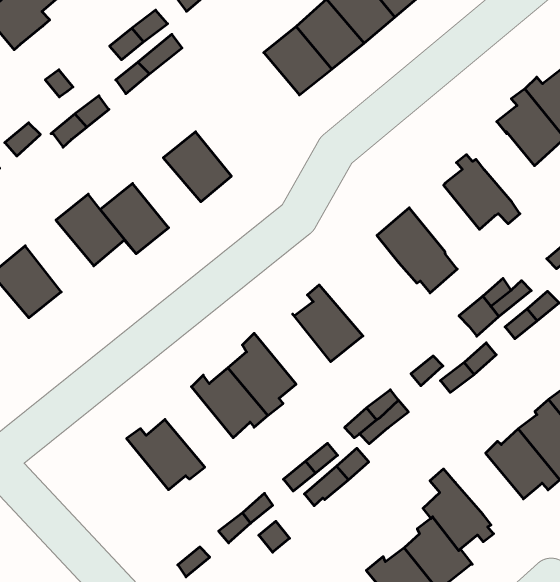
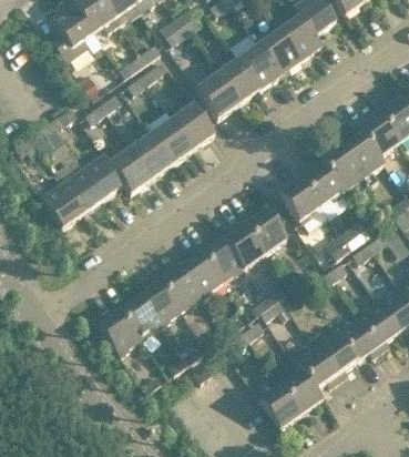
building: none -> [196,75,237,119]
building: none -> [172,105,214,150]
building: none -> [341,135,382,186]
building: none -> [131,135,172,179]
building: none -> [299,163,349,220]
building: none -> [62,169,103,213]
building: none -> [241,210,286,254]
building: none -> [198,237,244,281]
building: none -> [140,277,181,327]
building: none -> [98,306,139,356]
building: none -> [308,333,356,378]

